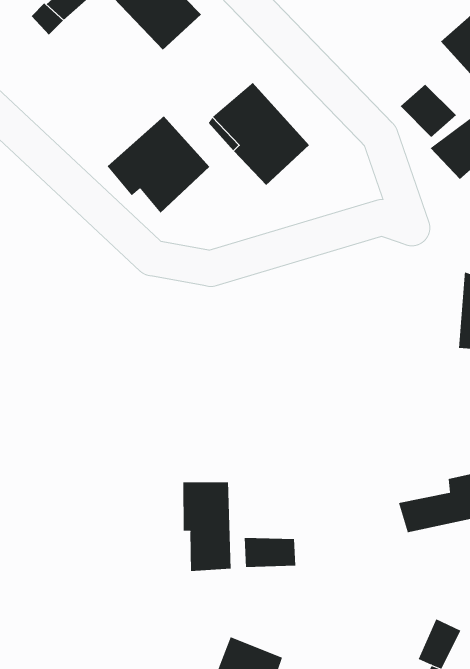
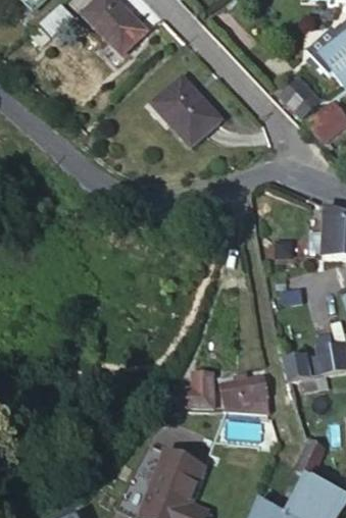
building: [107,116,210,214] -> none
building: [183,481,231,572] -> none
building: none -> [220,371,267,412]

